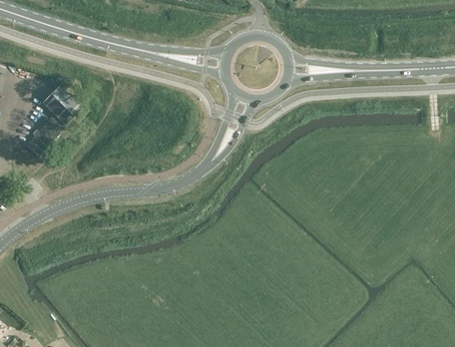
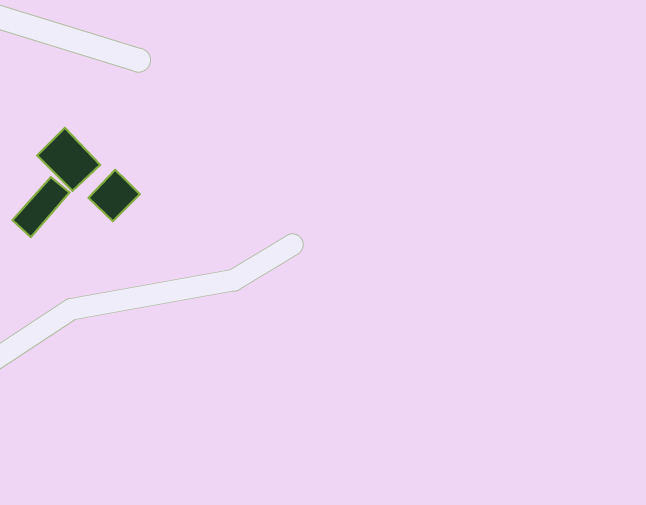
building: none -> [89,170,140,221]

